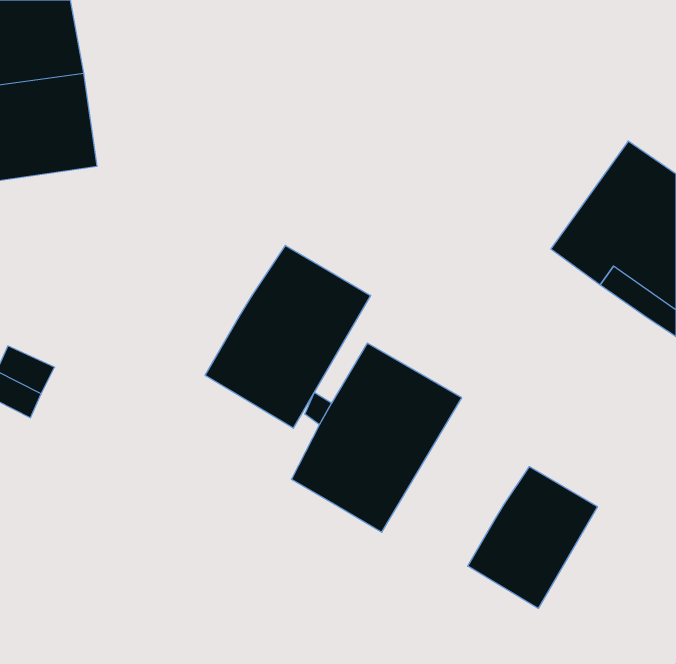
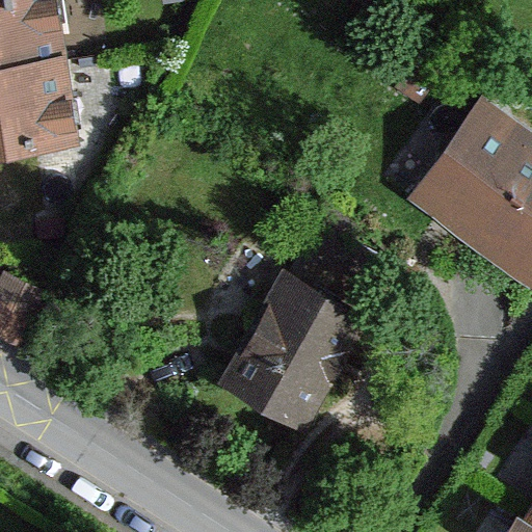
building: [205,245,371,428] -> none
building: [468,467,597,608] -> none

